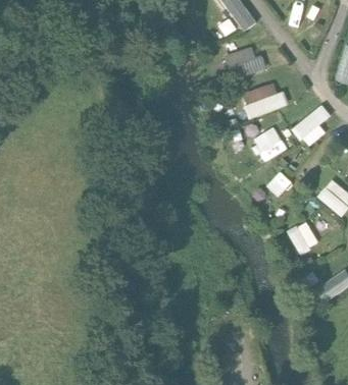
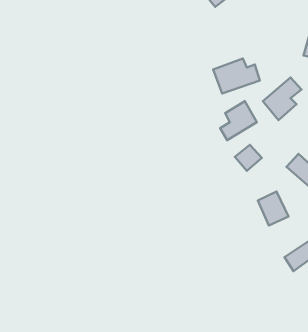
building: [225,45,262,79] -> none

